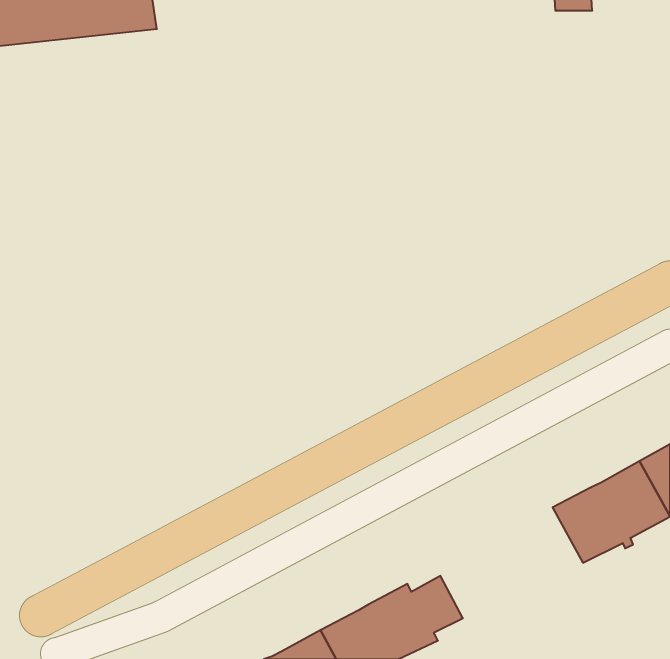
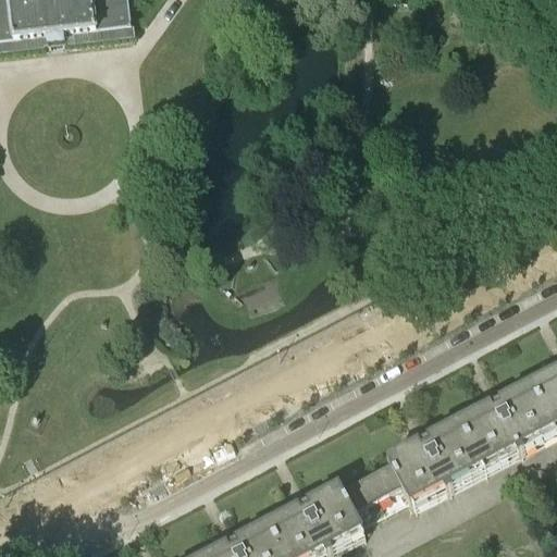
building: none -> [363,419,481,510]

